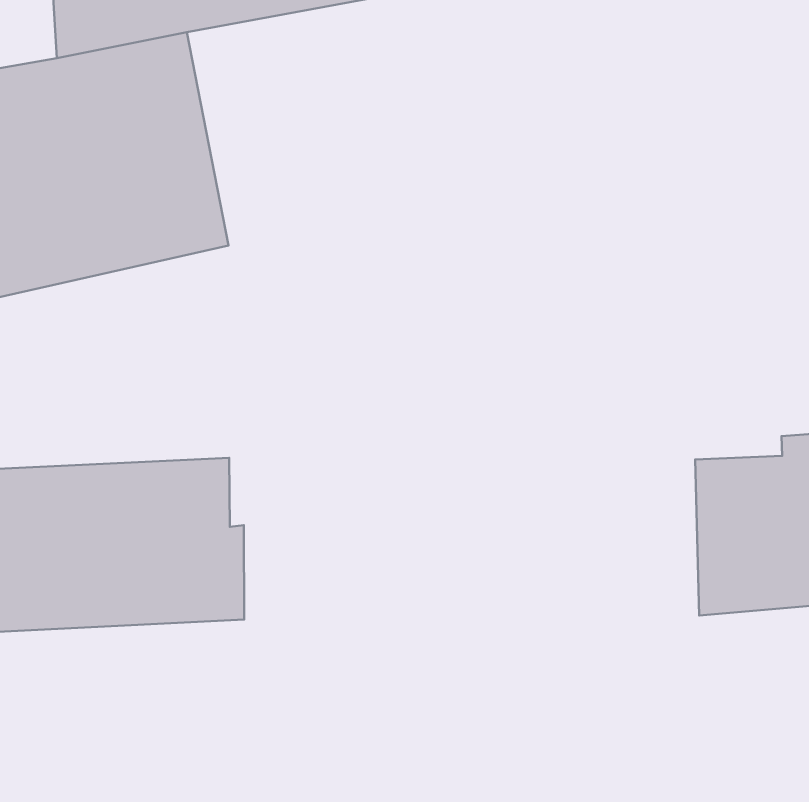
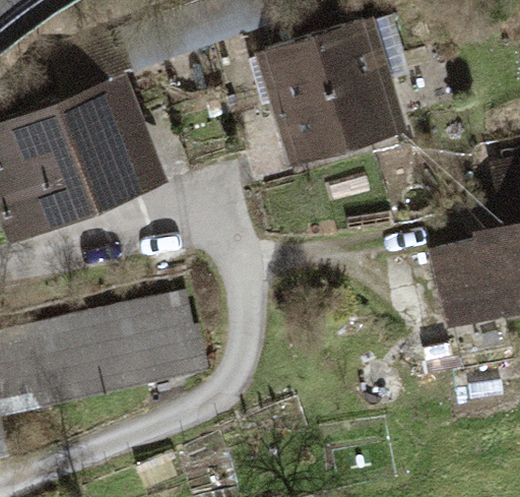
building: none -> [257,21,403,166]

